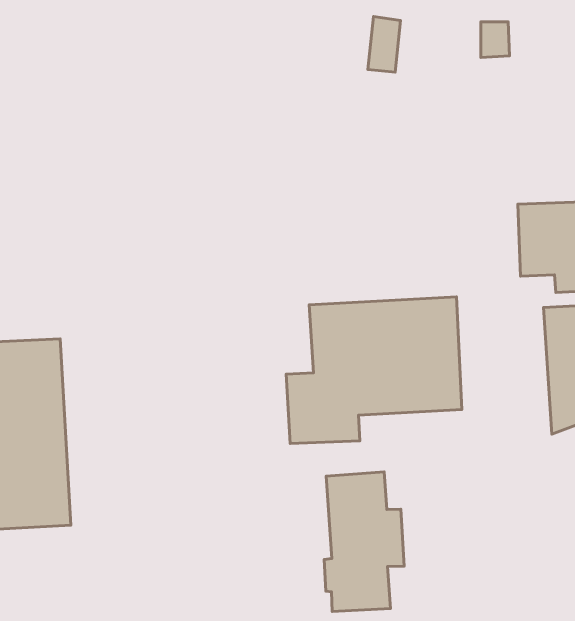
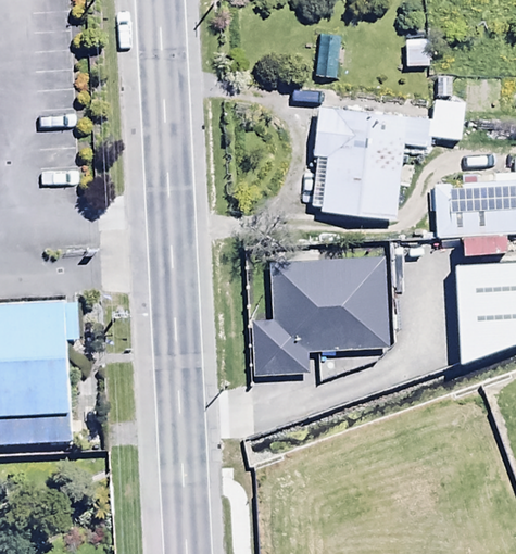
building: none -> [311,108,448,219]
building: [324,472,404,611] -> none

